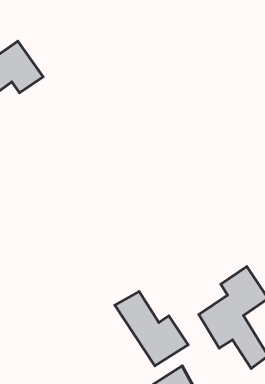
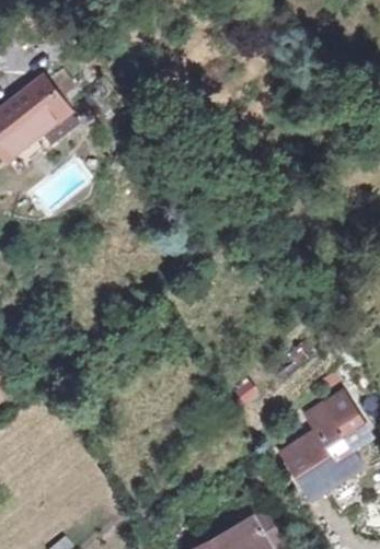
building: [115,291,188,366] -> none

